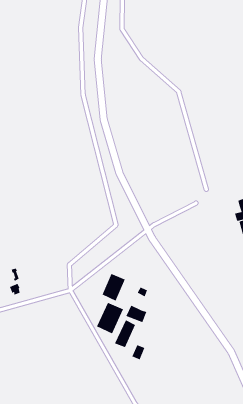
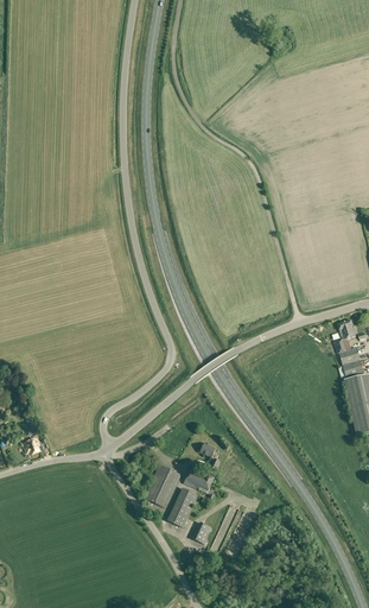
building: [102,273,126,301] -> none

